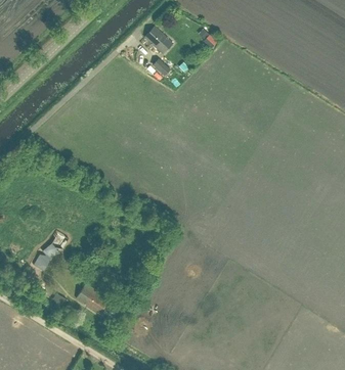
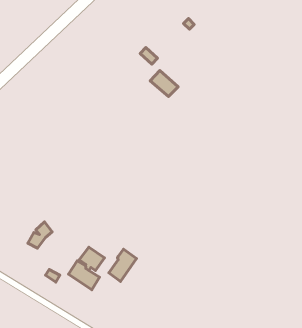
building: [144,26,174,53] -> [150,70,178,96]
building: none -> [109,249,136,282]

